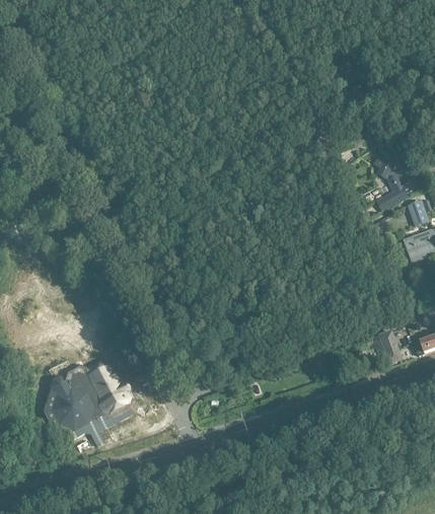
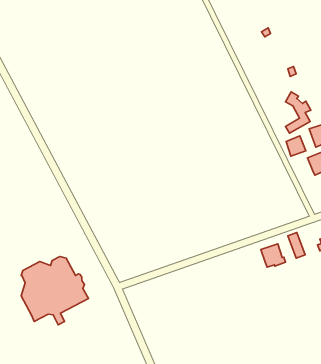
building: none -> [286,136,306,156]
building: none -> [261,244,286,267]

